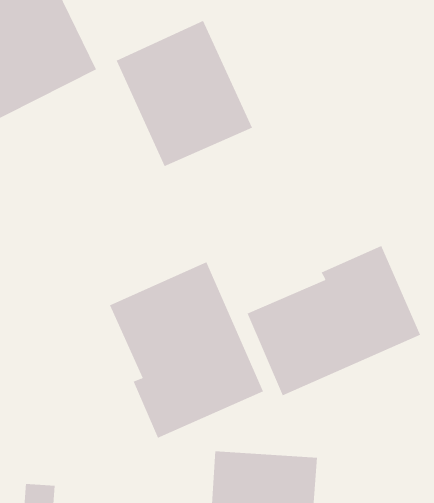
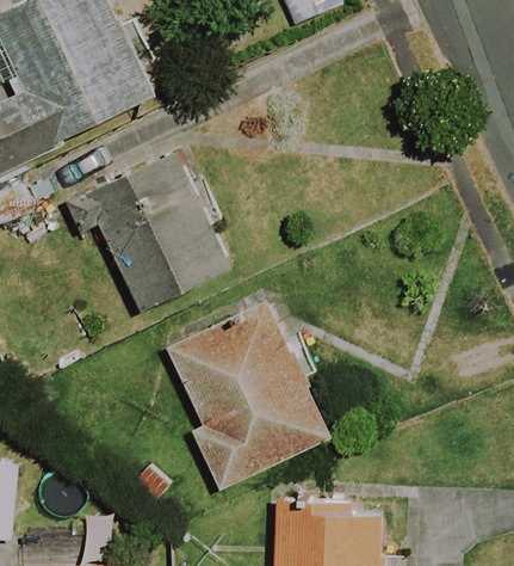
building: [116,20,253,167] -> [86,154,231,310]
building: [247,245,421,396] -> none

